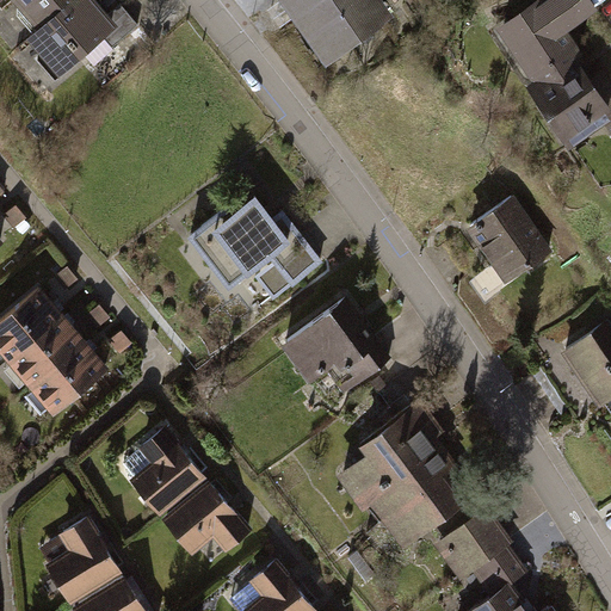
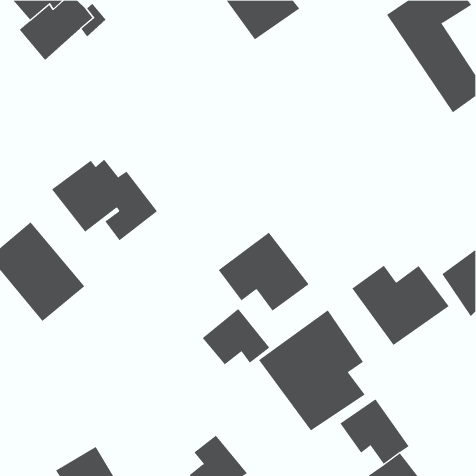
building: [463,195,555,285] -> none
building: [185,197,321,302] -> [51,159,158,241]
building: none -> [351,265,449,346]
building: [131,427,204,513] -> none
building: [162,479,249,551] -> [202,308,270,365]
building: [51,513,119,597] -> none

